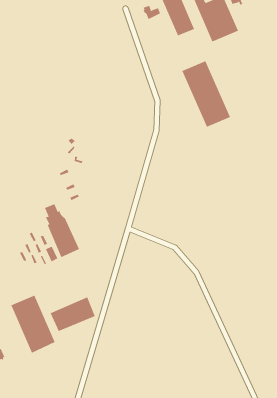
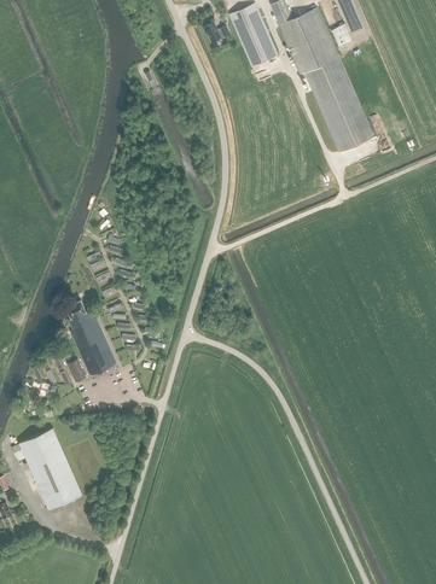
building: [182,60,231,128] -> [306,59,374,153]
building: [50,297,96,332] -> none

